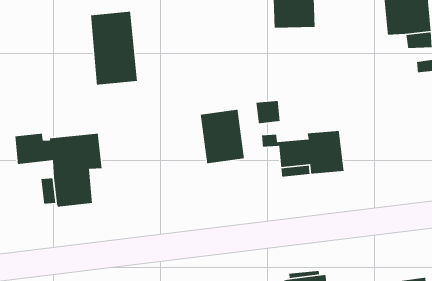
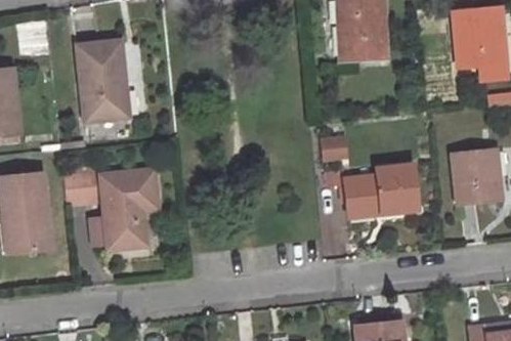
building: [90,11,138,85] -> [79,40,129,119]
building: [200,109,245,164] -> none
building: none -> [453,150,502,203]

